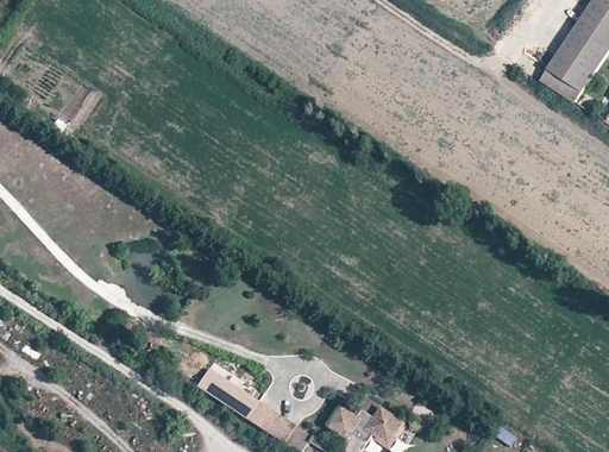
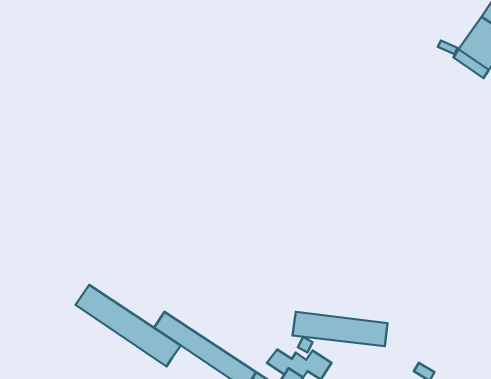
building: none -> [76,285,181,366]
building: none -> [292,312,388,346]

